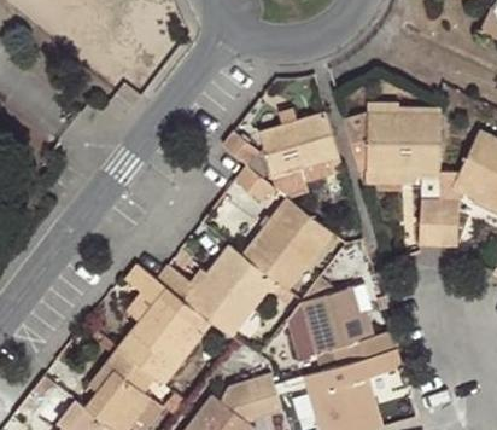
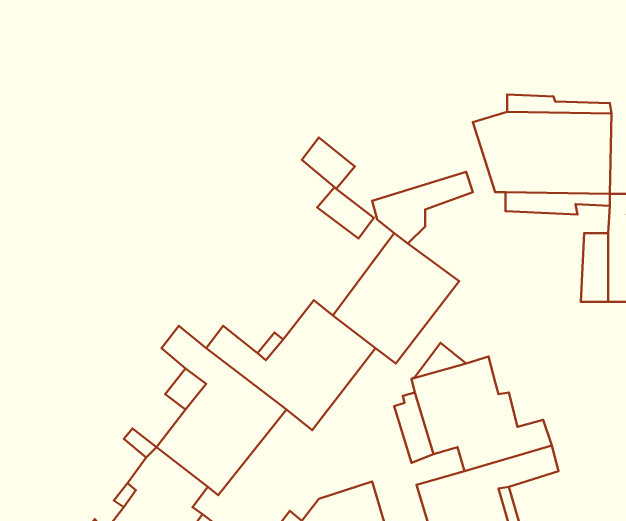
building: [258,112,338,175] -> none

